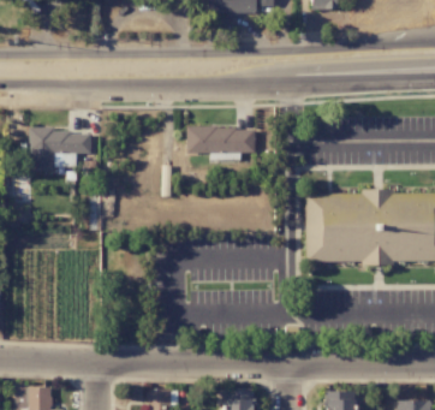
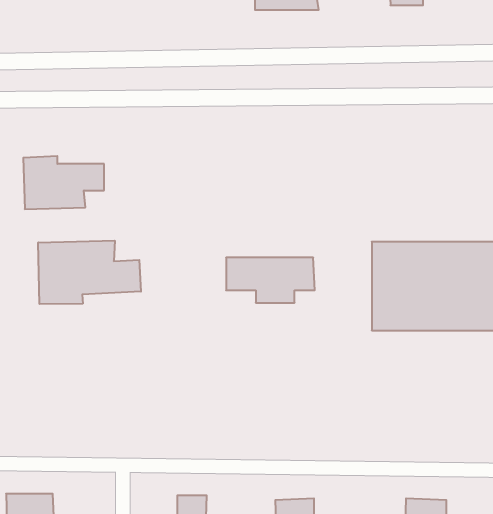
building: [187,127,256,162] -> [226,258,315,303]
building: none -> [38,241,141,304]

